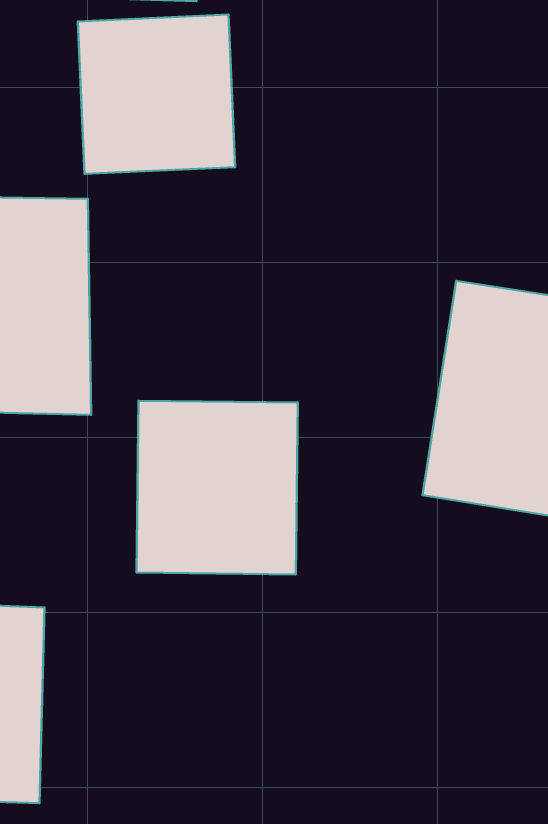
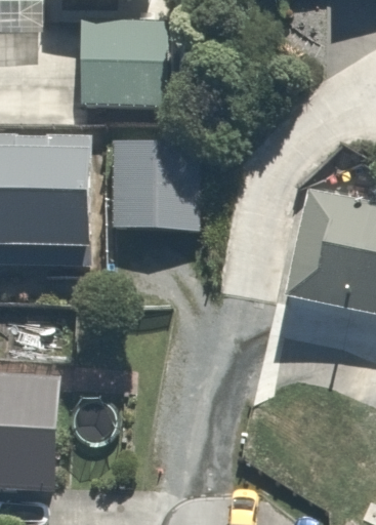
building: none -> [105,134,191,223]
building: [137,401,298,574] -> none

